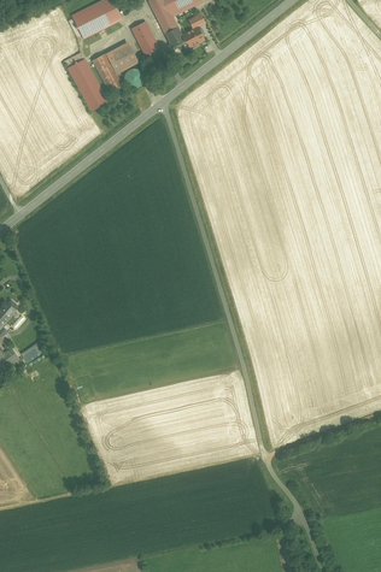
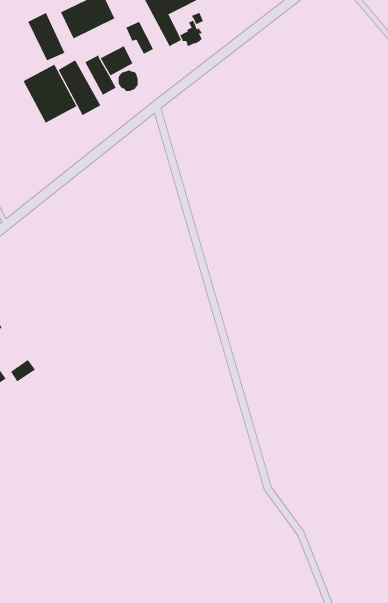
building: none -> [27,12,65,61]
building: none -> [23,64,77,124]

